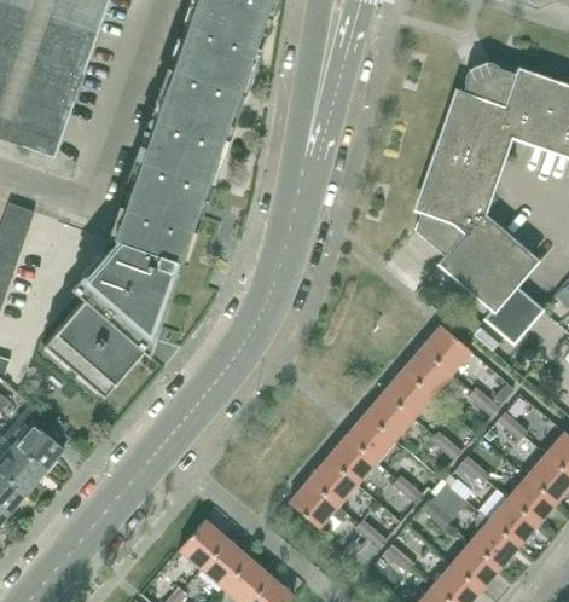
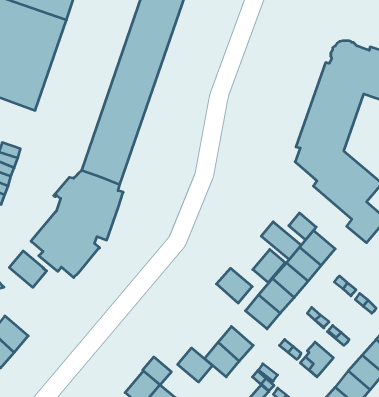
building: none -> [289,213,316,240]
building: none -> [261,222,301,260]
building: none -> [253,249,285,282]
building: [12,421,64,471] -> [9,251,47,287]
building: [326,436,376,485] -> [216,268,252,303]
building: none -> [178,348,213,382]
building: none -> [143,357,171,385]

